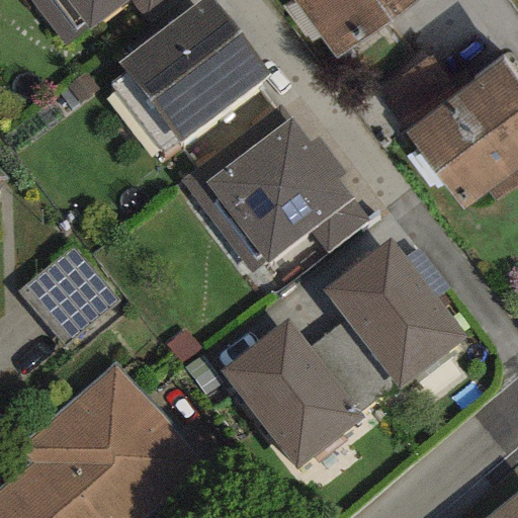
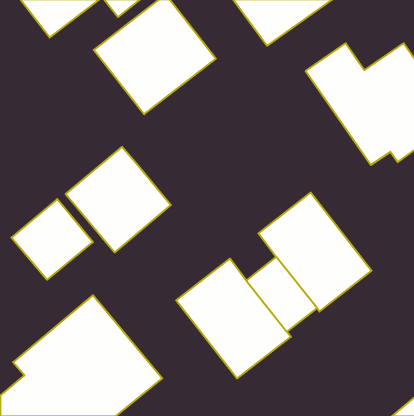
building: [177,102,369,275] -> none
building: none -> [66,147,171,252]

